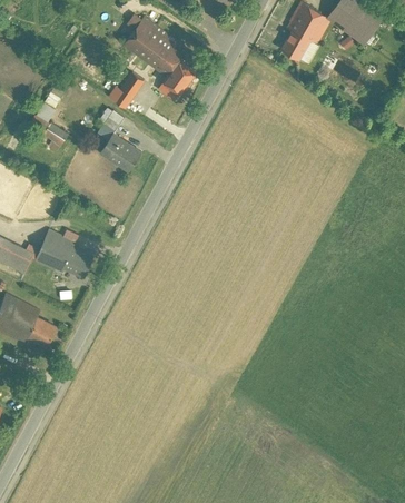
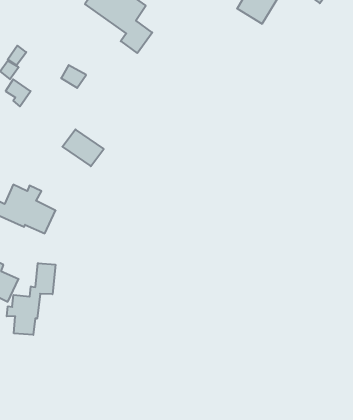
building: [108,71,144,109] -> none
building: [99,134,141,171] -> [62,129,104,166]
building: none -> [7,263,55,335]

